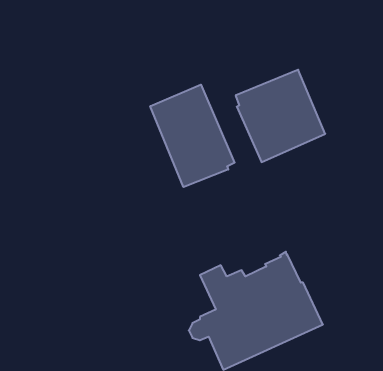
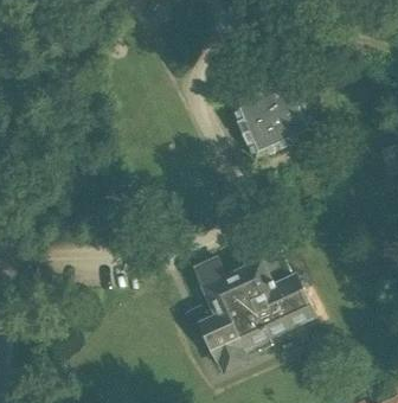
building: [150,85,235,187] -> none

